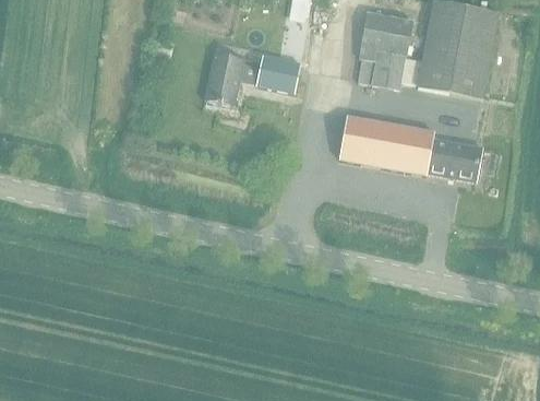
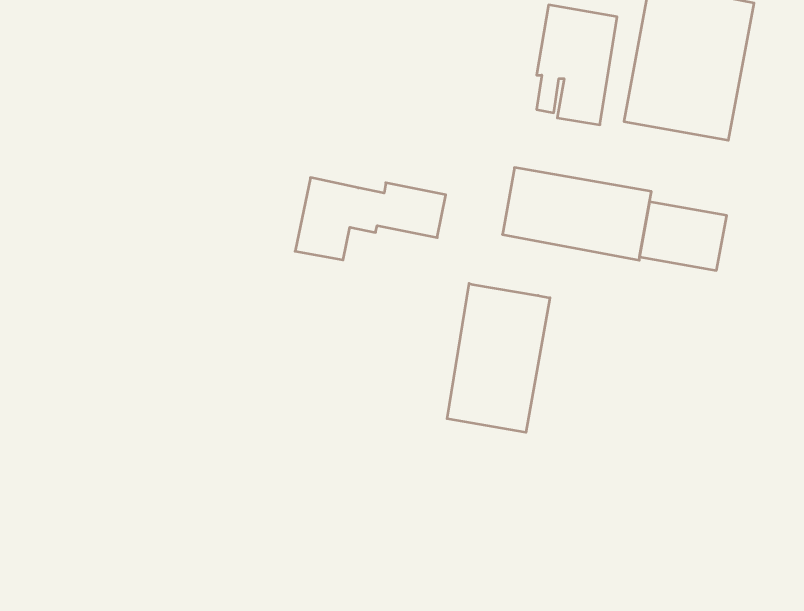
building: [204,51,300,104] -> [295,178,446,260]
building: none -> [447,283,550,432]

